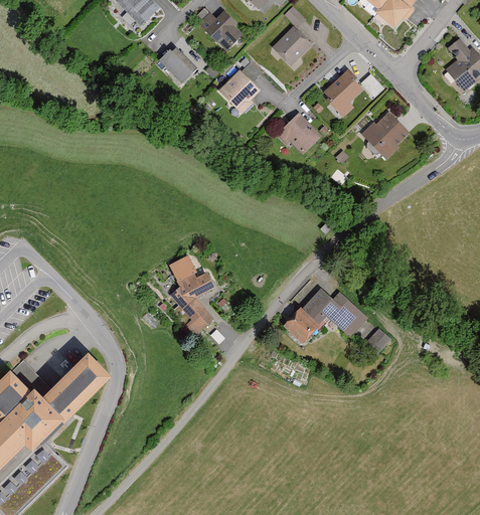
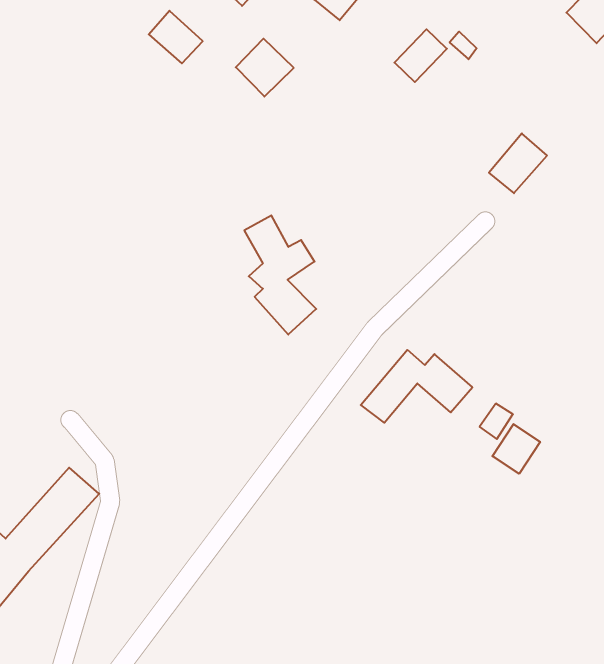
building: [279,116,320,156] -> none
building: [365,116,406,156] -> [489,133,547,193]
building: [168,255,214,337] -> [244,215,316,335]
building: none -> [492,424,540,474]

